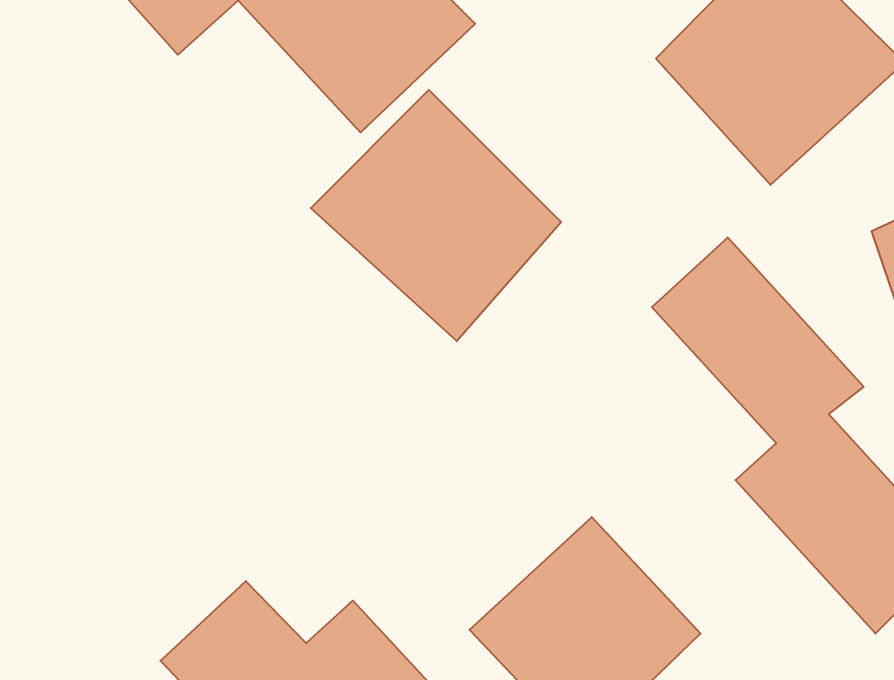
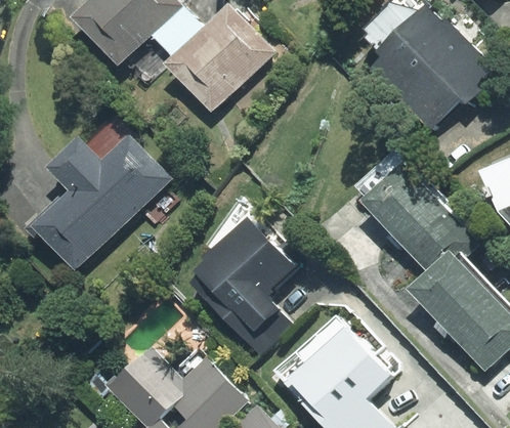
building: [311,90,561,341] -> none
building: none -> [28,135,173,272]
building: none -> [192,221,297,352]

